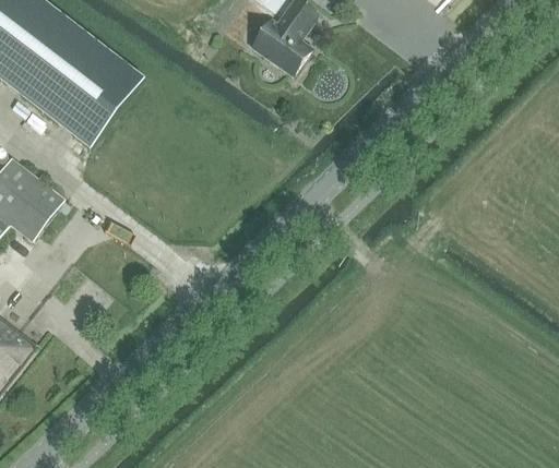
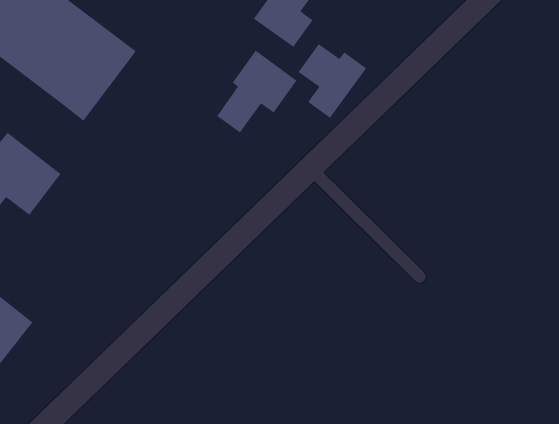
building: none -> [297,43,367,119]
building: none -> [216,50,298,134]

